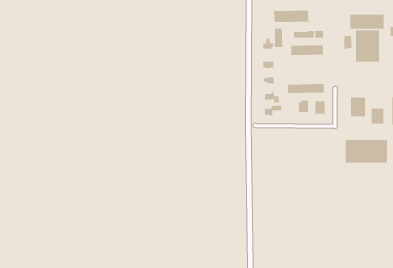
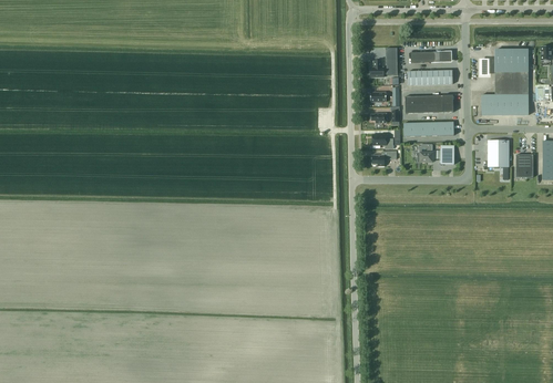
building: [273,10,309,23] -> [404,95,453,113]
building: [350,14,384,30] -> [481,94,528,115]
building: [345,139,388,164] -> none

